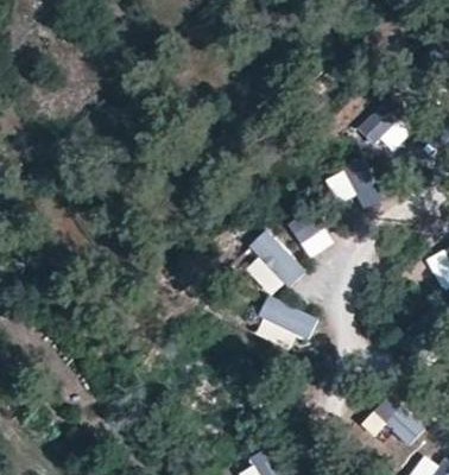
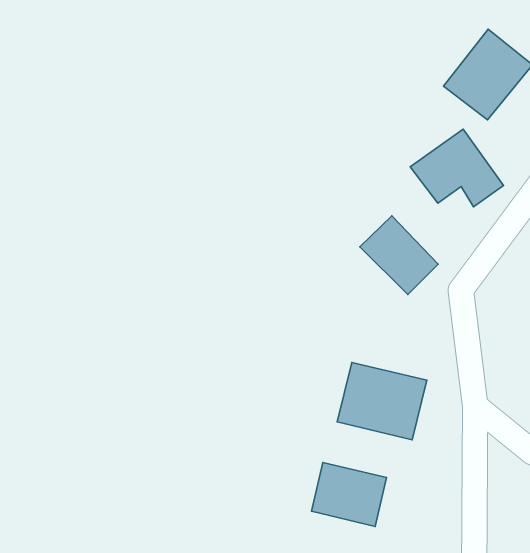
building: [239,228,303,294] -> none
building: none -> [311,462,386,527]

